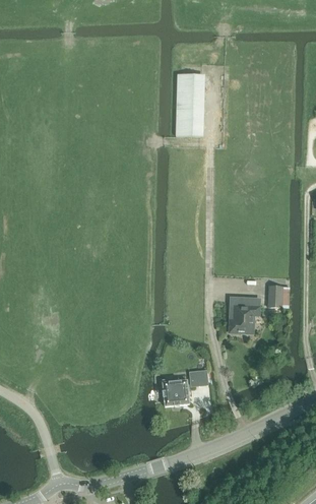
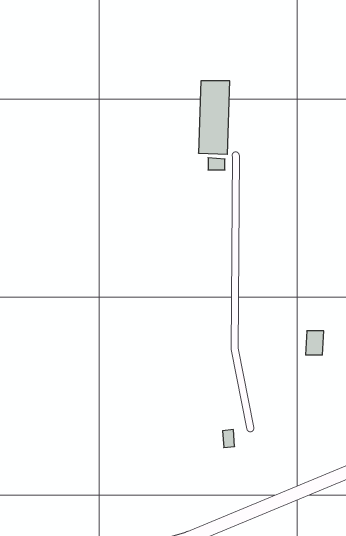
building: [229,304,259,332] -> none
building: [162,379,189,404] -> none

